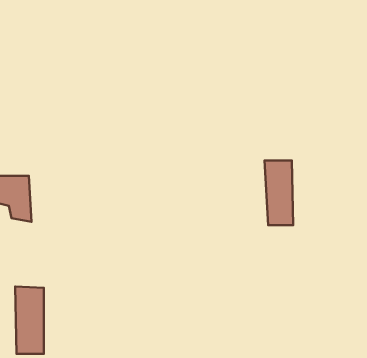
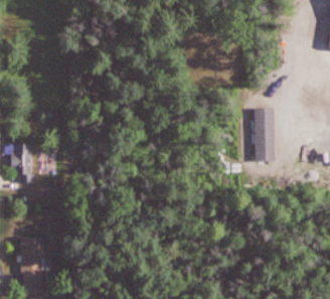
building: [264,160,293,225] -> [250,108,273,160]

